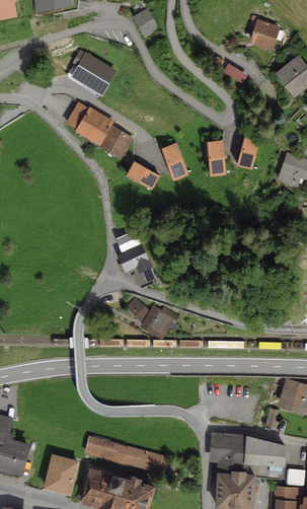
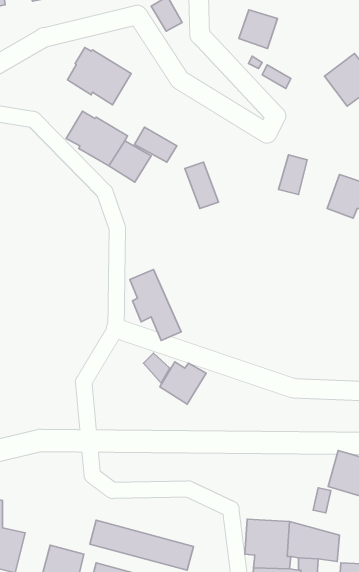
building: [249,19,281,51] -> [239,10,278,48]
building: [207,140,227,176] -> none
building: [126,161,160,190] -> [135,127,177,162]

